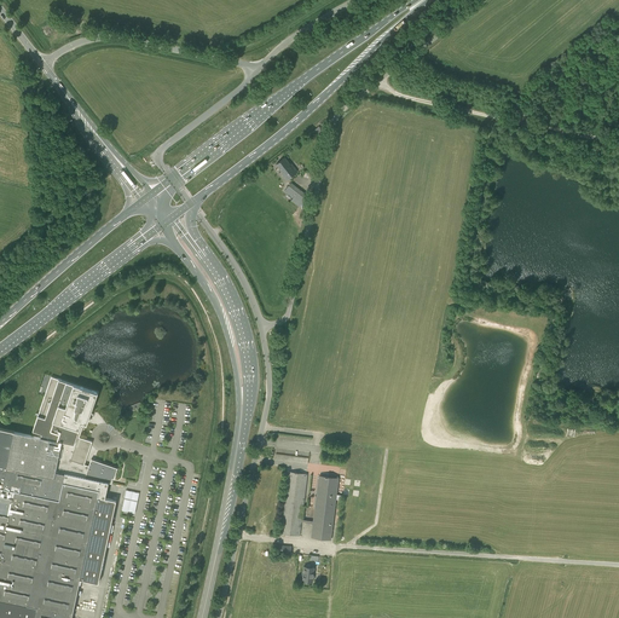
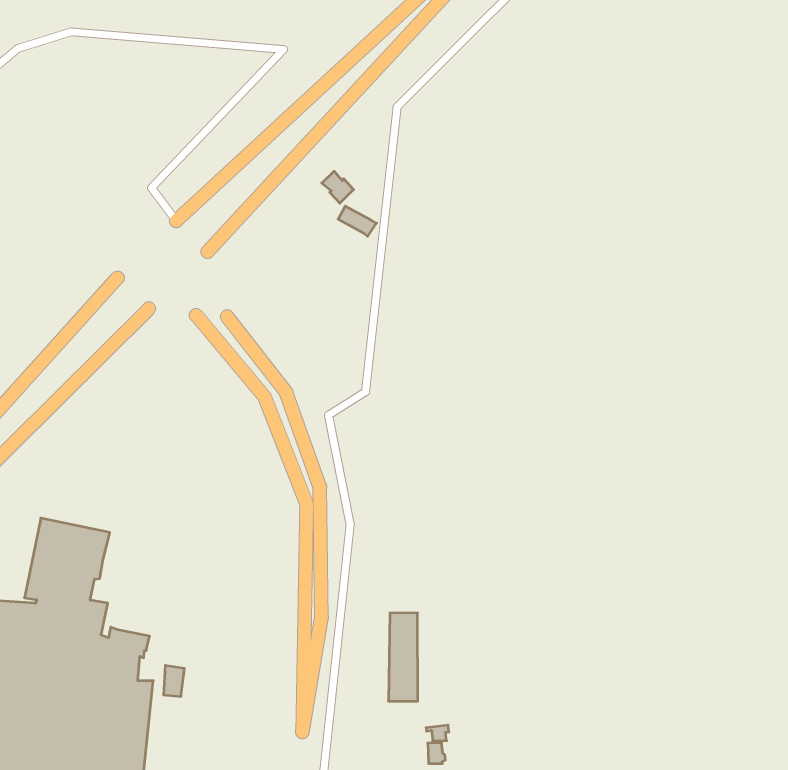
building: [310,477,337,541] -> none

